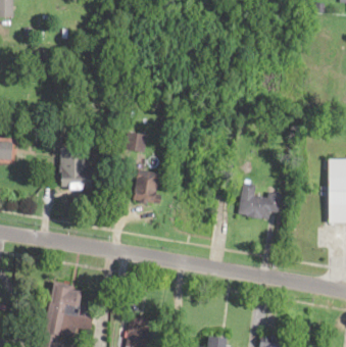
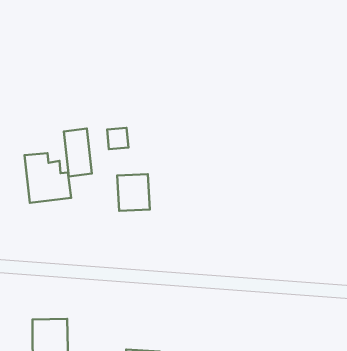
building: none -> [64,129,92,176]
building: [239,186,280,218] -> none

